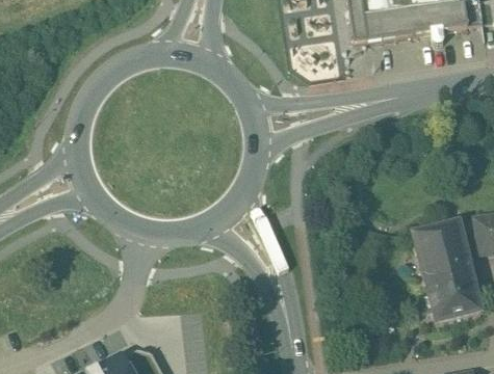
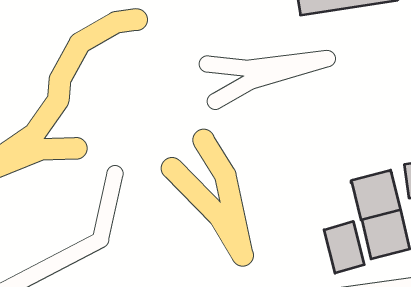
building: none -> [324,221,364,273]

